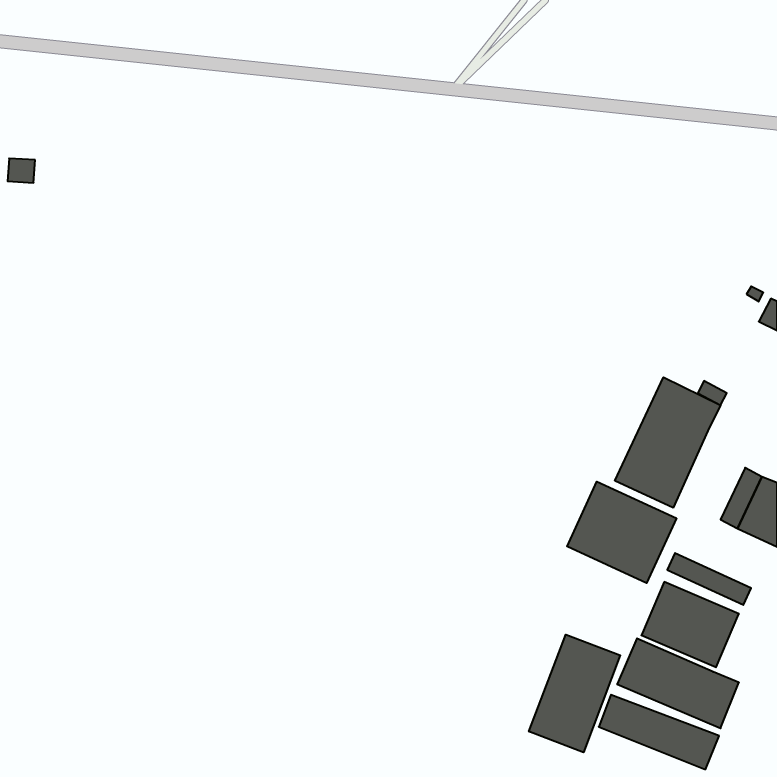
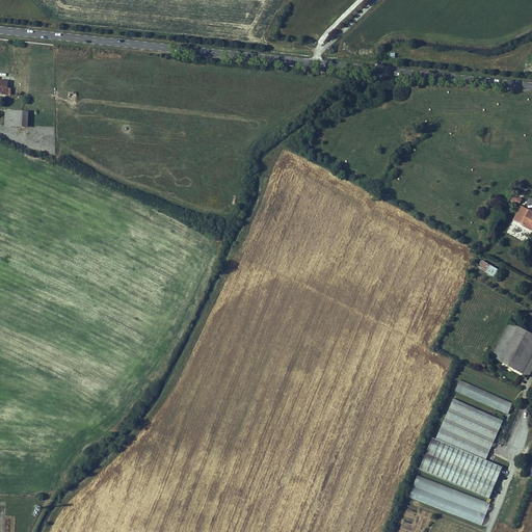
building: [615,377,720,508] -> none
building: [567,482,676,583] -> none
building: [529,635,620,752] -> none

